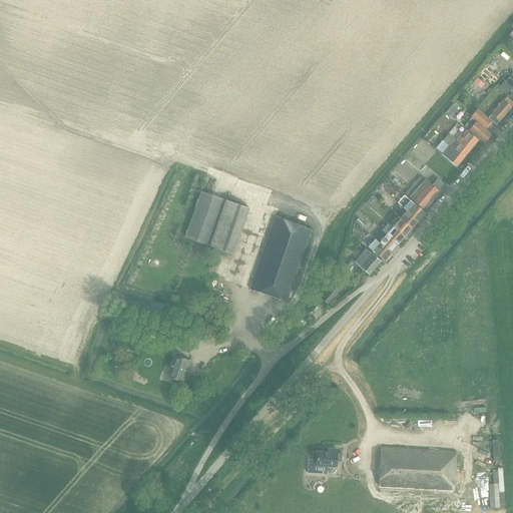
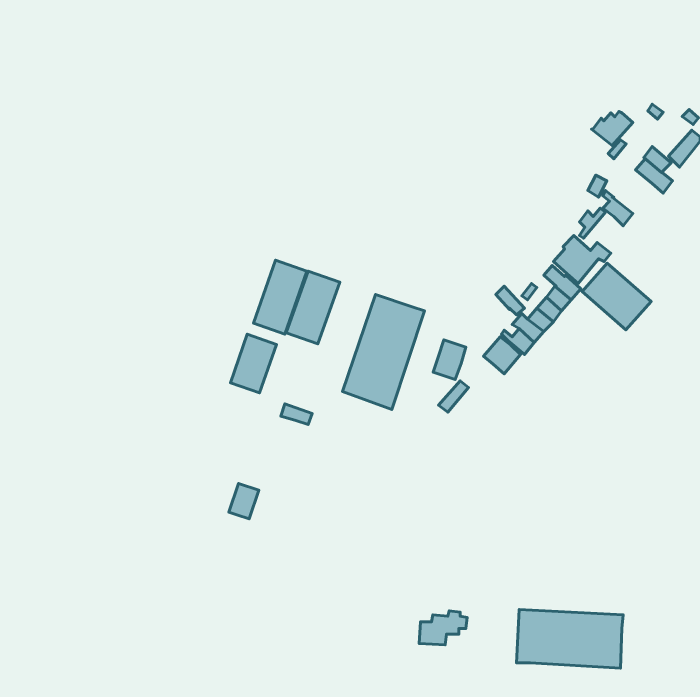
building: [448,131,478,156] -> [592,111,633,146]
building: none -> [582,263,651,330]
building: none -> [230,334,276,393]
building: none -> [433,340,466,380]

